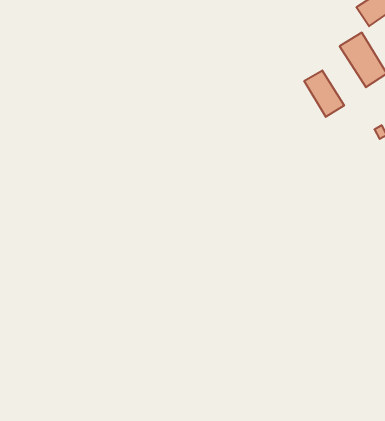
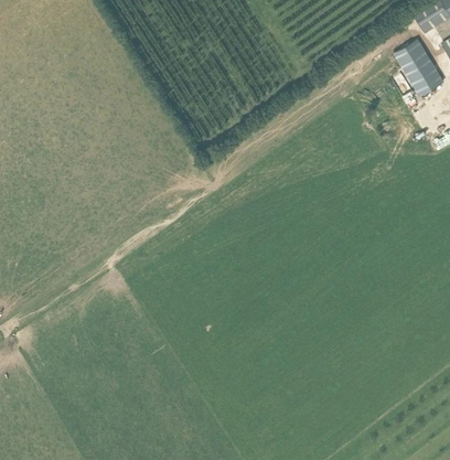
building: [304,70,344,117] -> none

